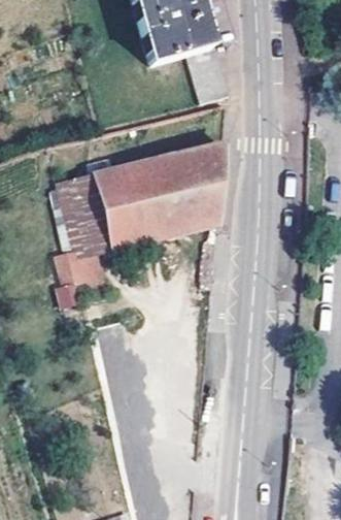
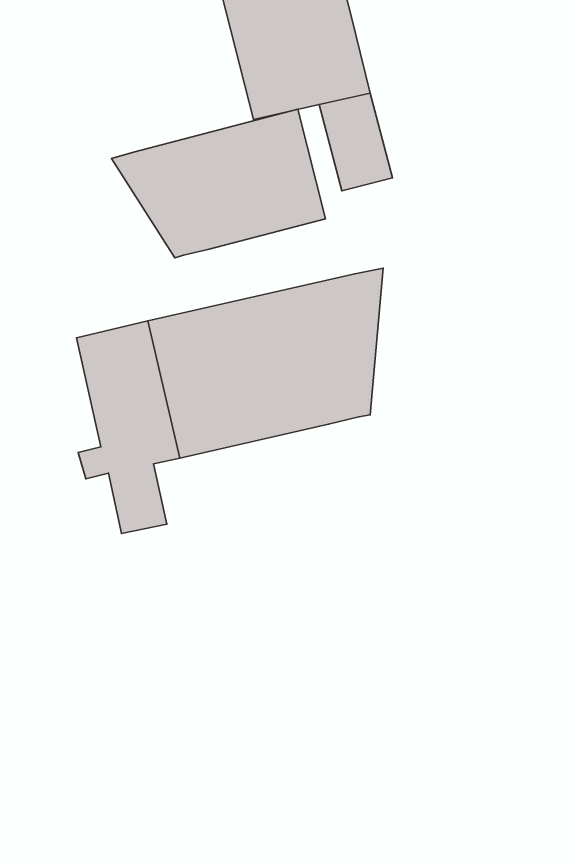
building: none -> [112,109,326,258]

